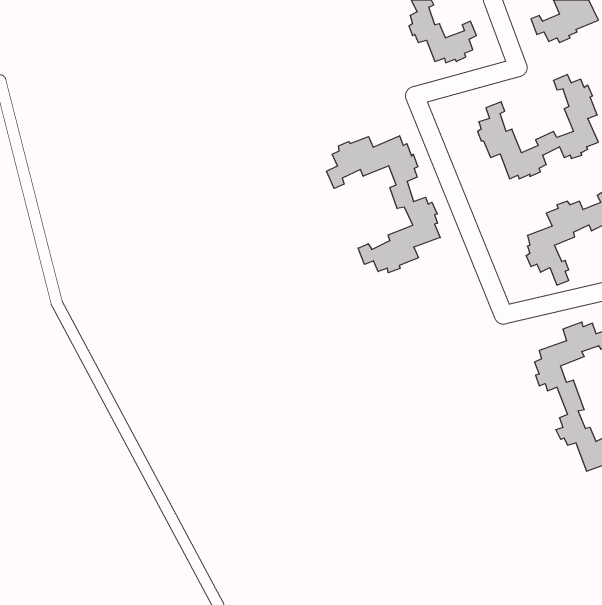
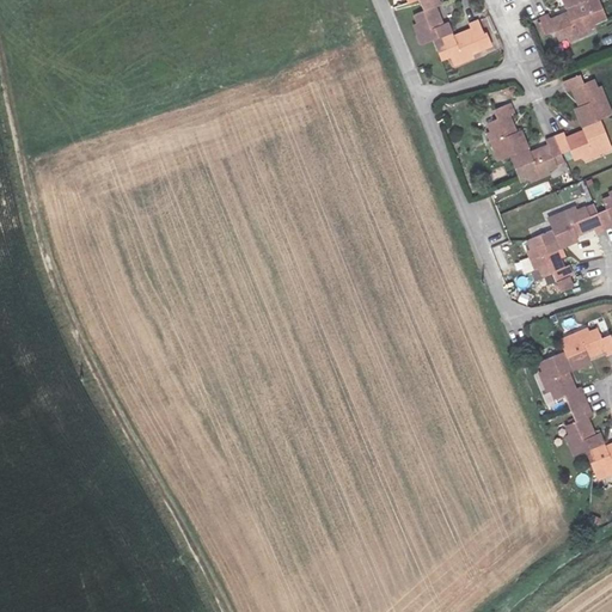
building: [327,136,440,273] -> none

